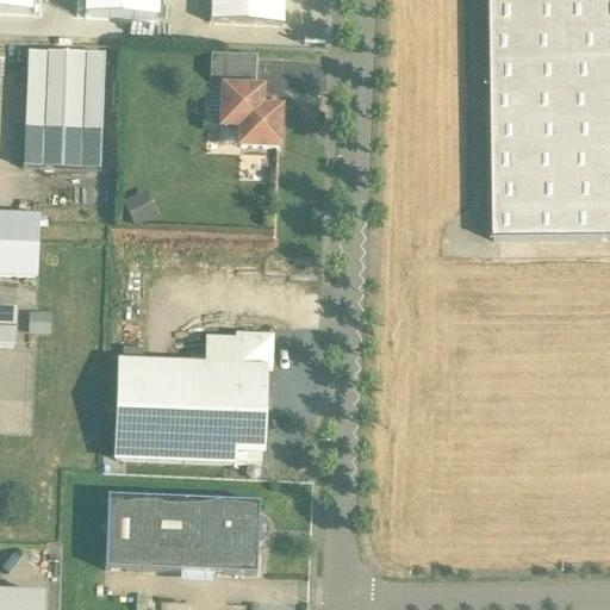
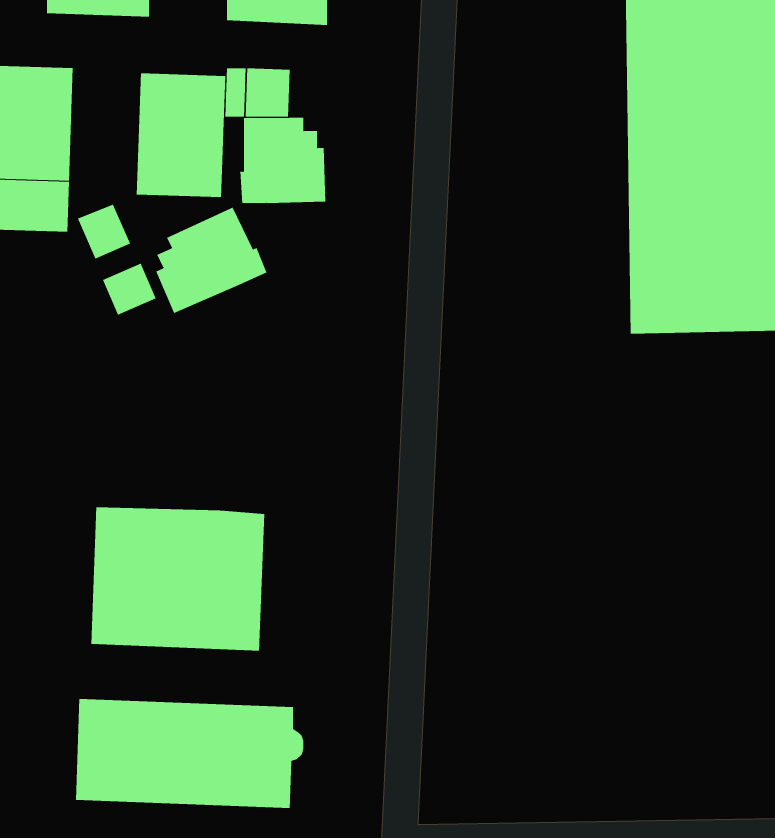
building: none -> [136,73,226,198]
building: none -> [77,204,131,259]
building: none -> [155,207,267,314]
building: [207,331,270,460] -> none

